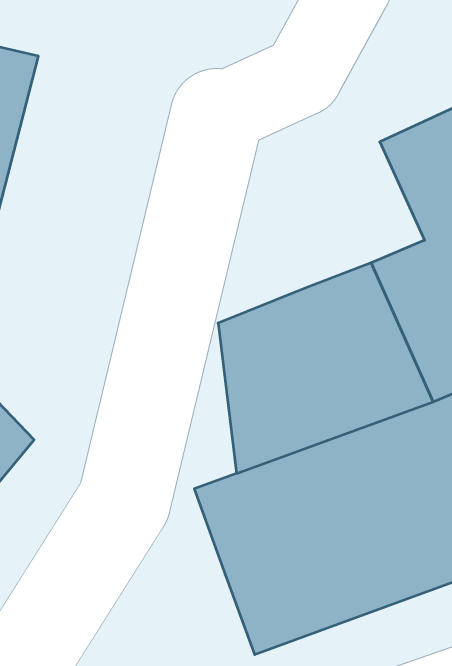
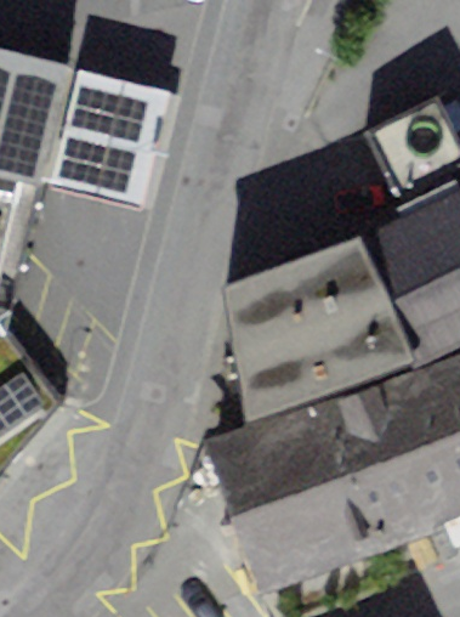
building: none -> [53,69,177,217]

